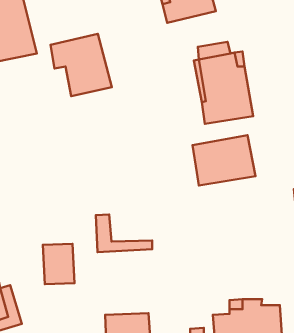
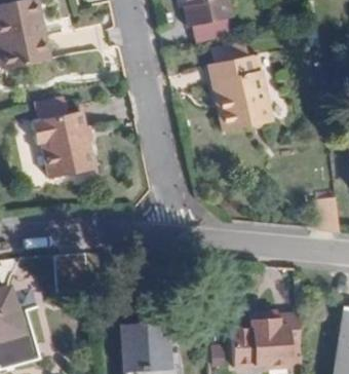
building: [51,34,112,96] -> [33,109,96,174]
building: [193,135,256,186] -> none
building: [96,214,152,252] -> none

